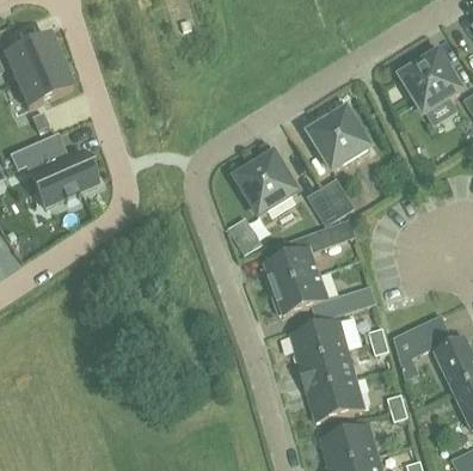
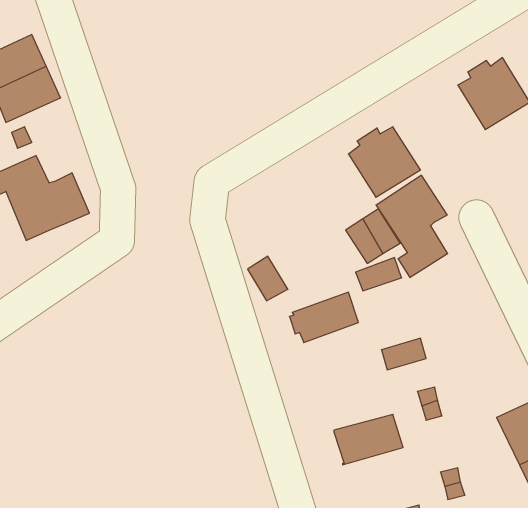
building: none -> [376,175,448,278]
building: [238,155,296,214] -> none
building: [274,273,328,314] -> none
building: [290,319,348,362] -> none
building: [392,322,434,361] -> none
building: [306,377,364,420] -> none

